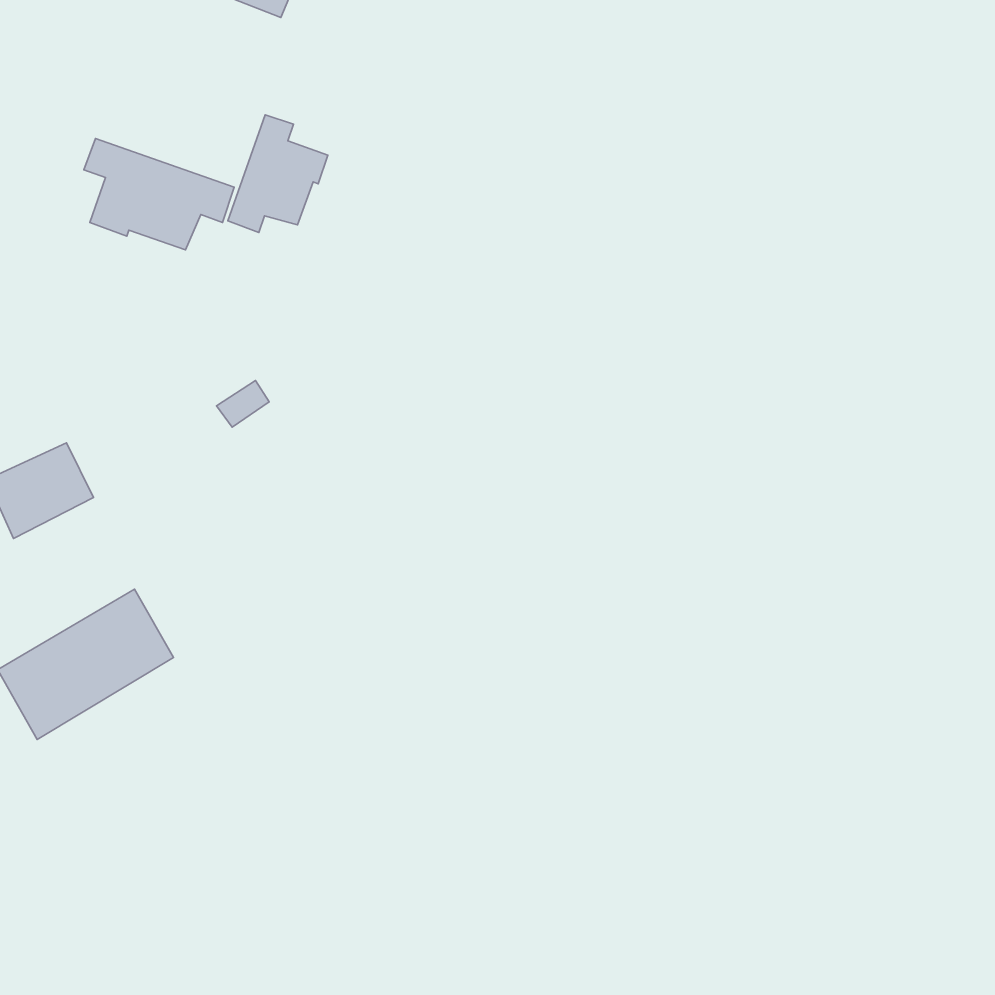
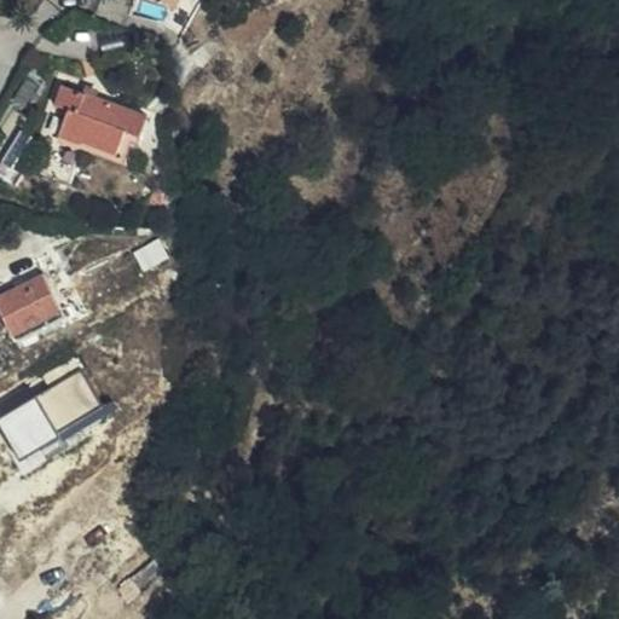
building: [228,115,328,232] -> none

